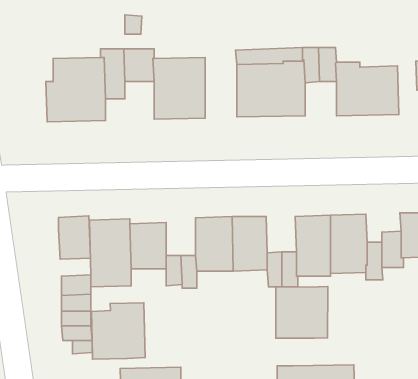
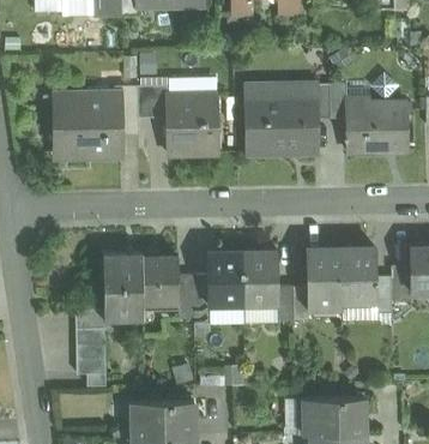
building: [58,216,90,259] -> none
building: [276,287,328,338] -> none
building: [91,303,145,359] -> none

